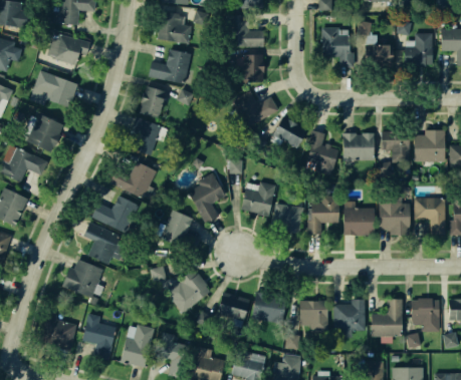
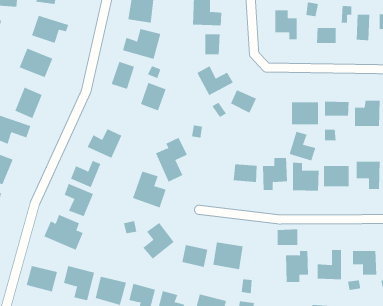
building: [128,120,158,153] -> [140,82,167,111]
building: [305,134,336,168] -> [289,131,316,161]
building: [243,181,274,211] -> none
building: [302,303,326,322] -> [277,229,298,246]

